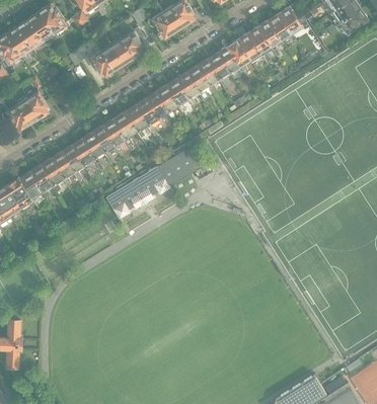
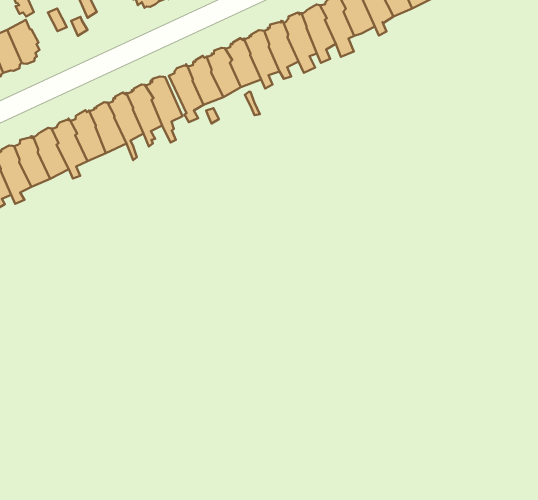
building: [105,143,207,219] -> none

